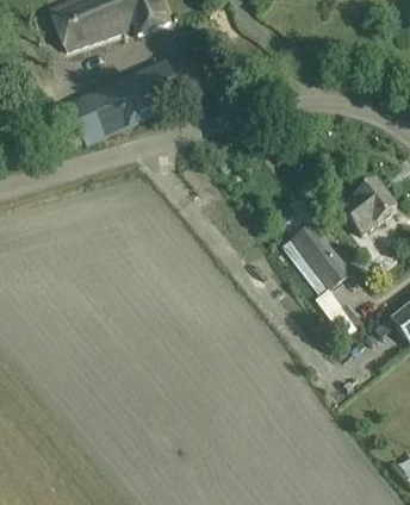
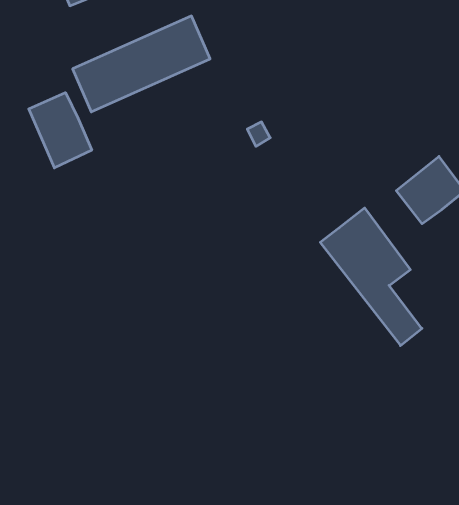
building: none -> [29,93,92,168]

